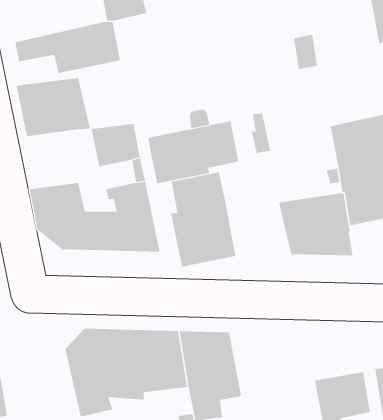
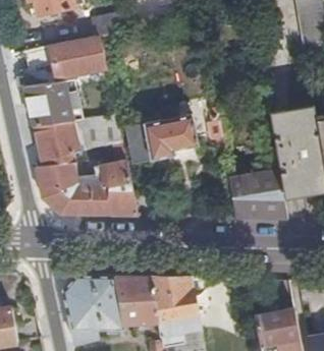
building: none -> [34,122,78,167]
building: [171,171,236,267] -> none

